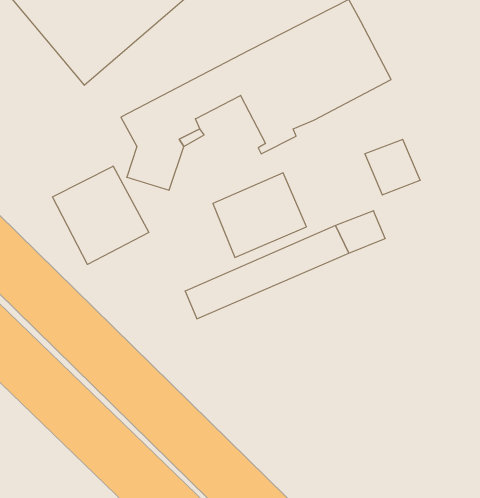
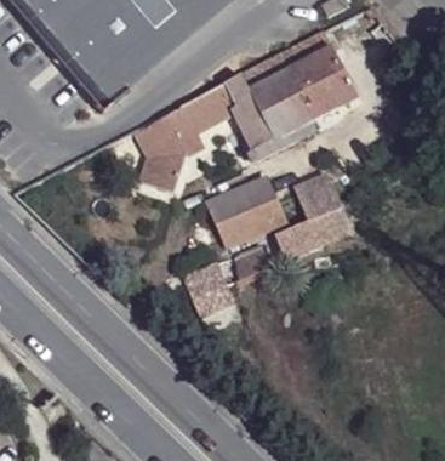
building: [365,139,420,195] -> [296,176,342,222]
building: [52,166,149,264] -> none

